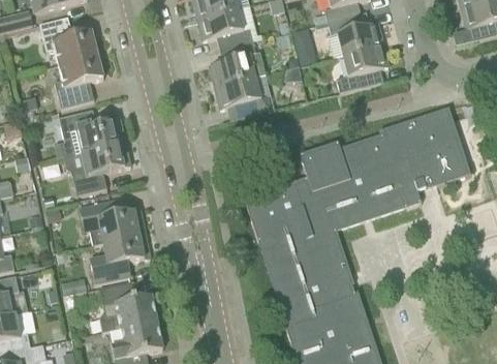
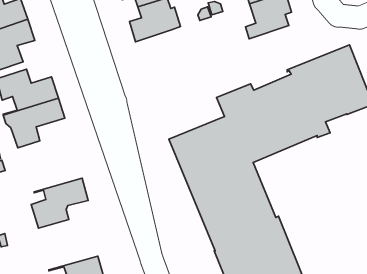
building: [214,77,270,119] -> none
building: [76,200,145,244] -> none
building: [98,281,156,331] -> none

